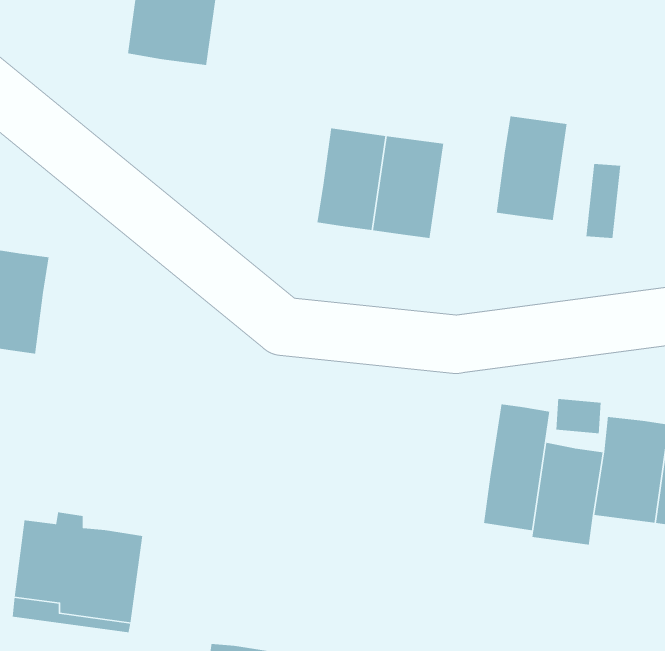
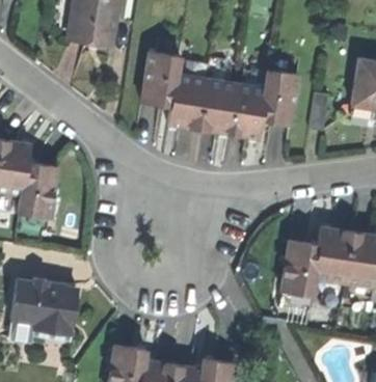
building: none -> [142,51,179,105]
building: none -> [227,83,266,138]
building: none -> [19,161,55,218]
building: [483,403,550,531] -> none

